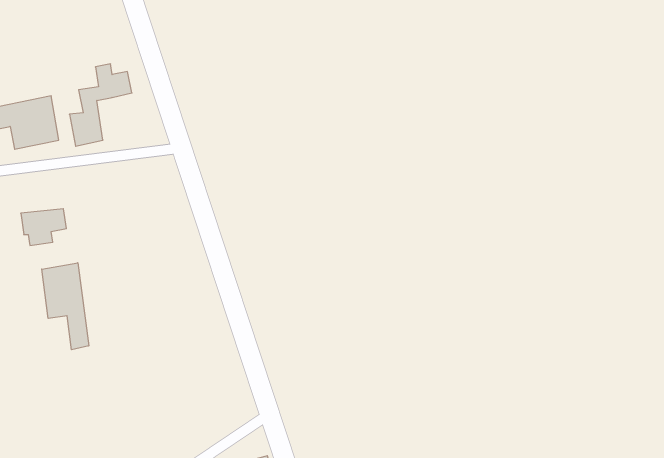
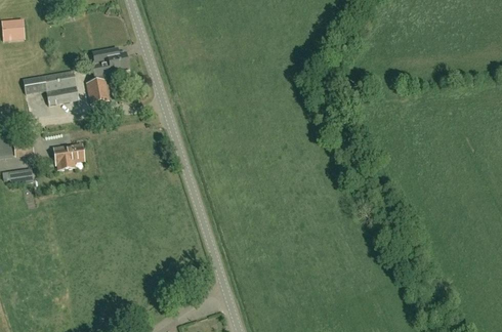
building: [42,263,89,350] -> none

